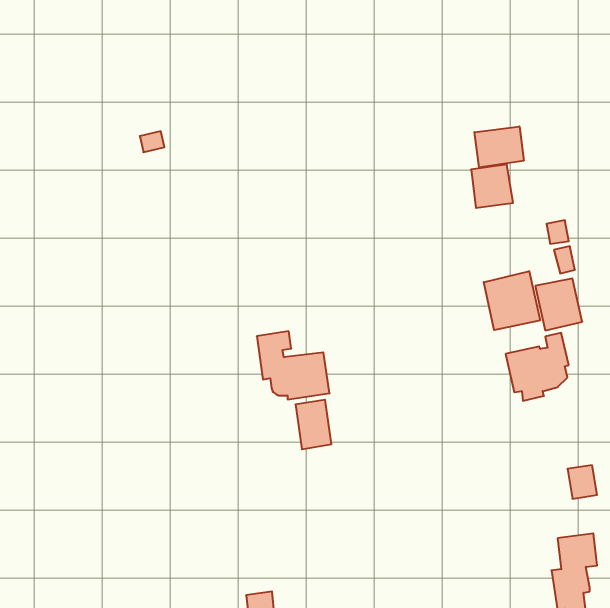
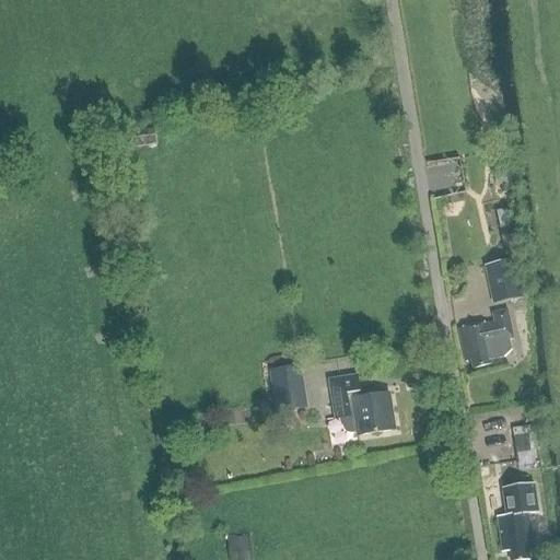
building: [474,126,524,167] -> none
building: [484,271,540,330] -> none
building: [257,331,330,399] -> [329,373,394,433]

